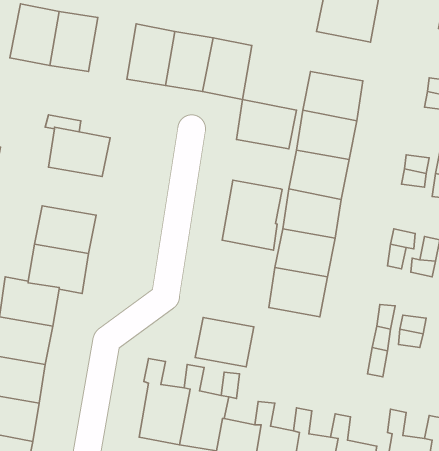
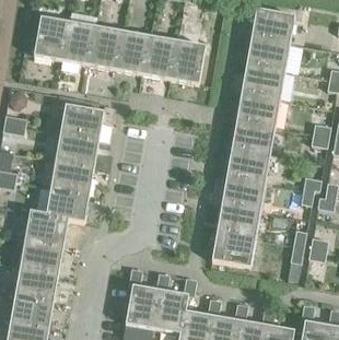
building: none -> [89,26,122,70]
building: [236,99,297,149] -> [246,36,289,71]
building: none -> [56,132,98,166]
building: [222,180,282,250] -> none
building: [195,317,254,367] -> [211,232,253,267]

